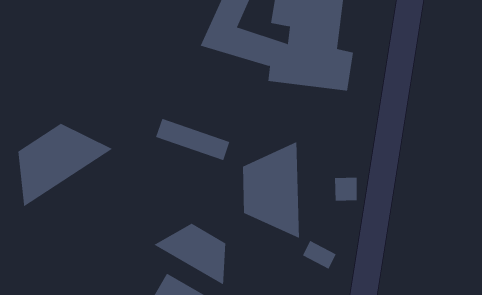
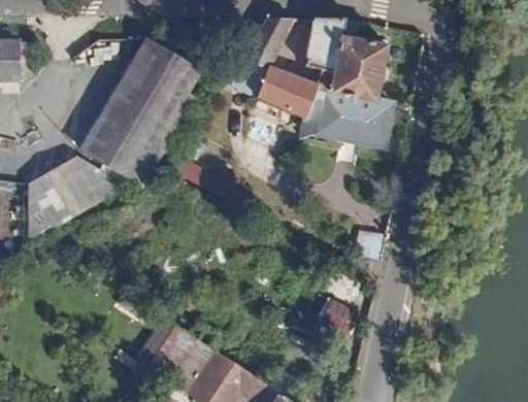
building: none -> [78,38,198,182]
building: [243,141,299,239] -> none
building: [153,223,226,286] -> none

